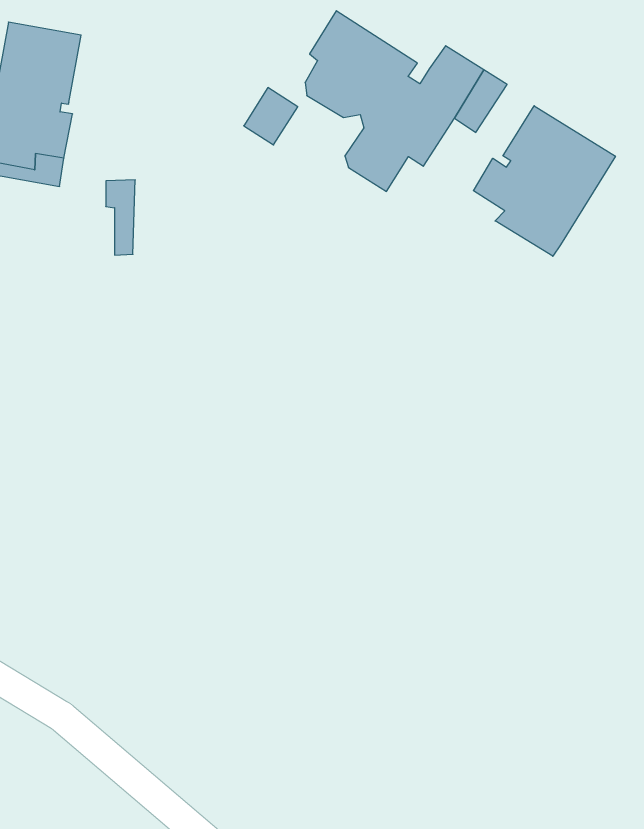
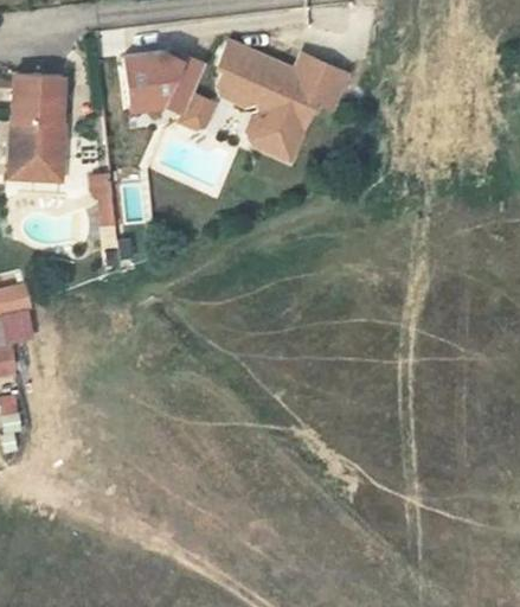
building: none -> [126,55,203,115]
building: [473,106,615,256] -> none

